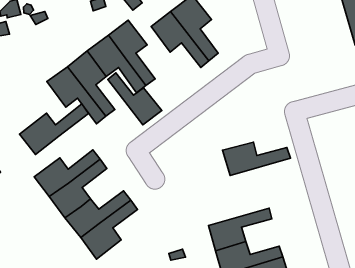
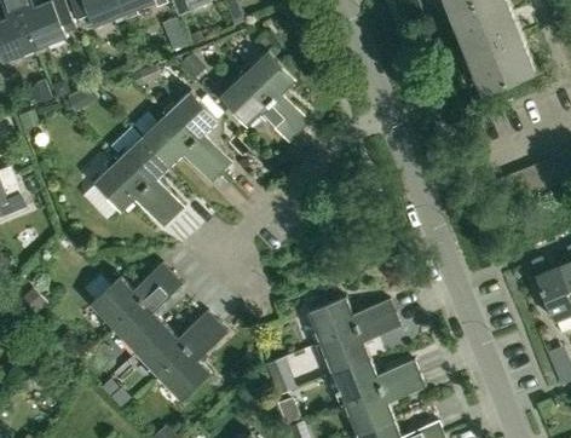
building: [108,73,162,125] -> none
building: [19,104,88,154] -> none
building: [222,142,291,176] -> [306,298,394,344]

